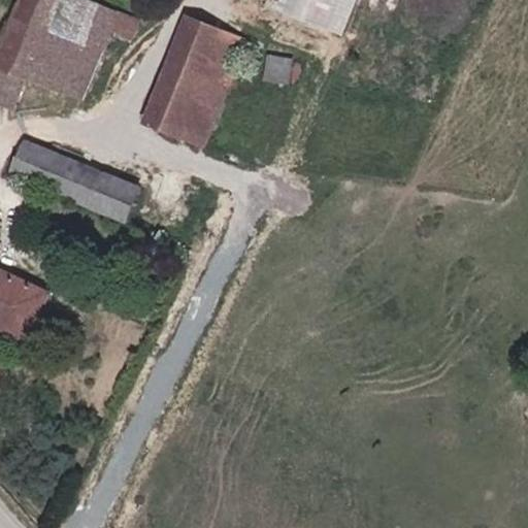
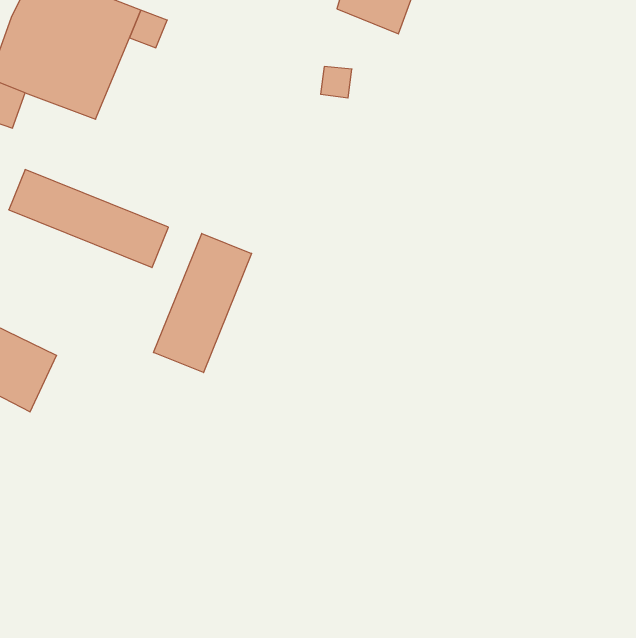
building: [144,16,243,143] -> none
building: none -> [154,233,252,373]

